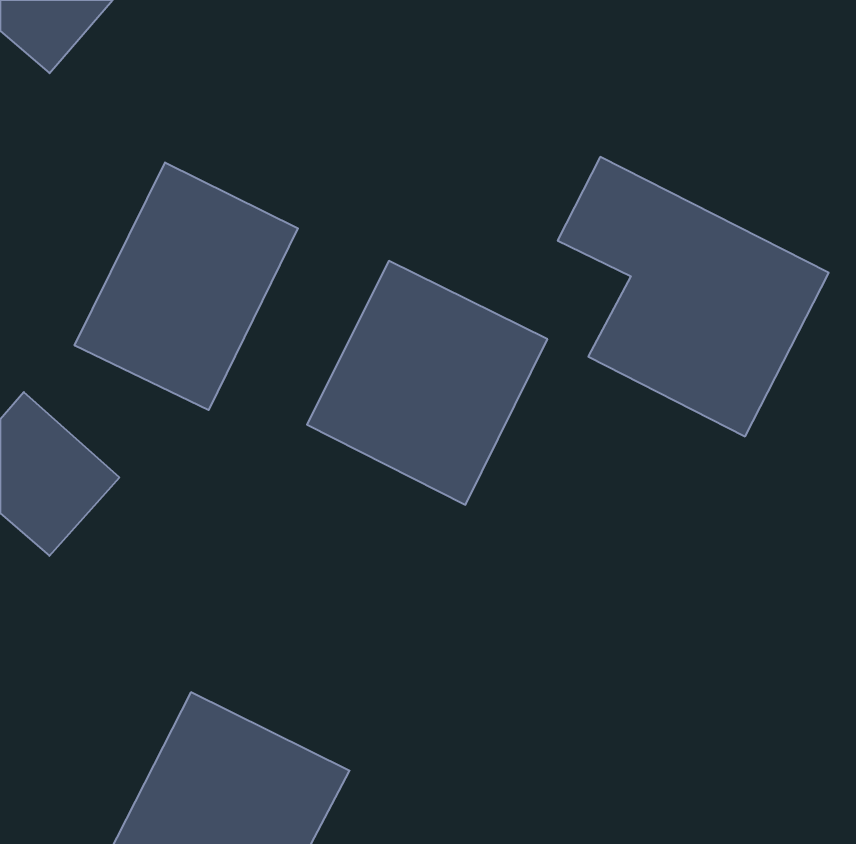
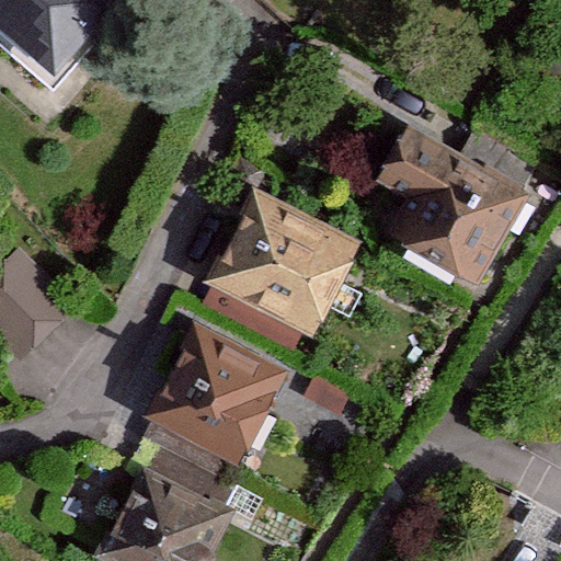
building: [75,162,298,410] -> none
building: none -> [131,324,287,481]

